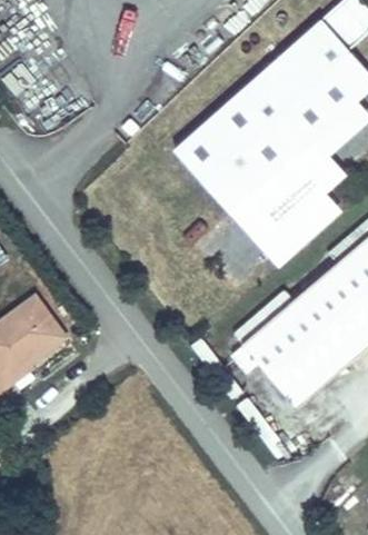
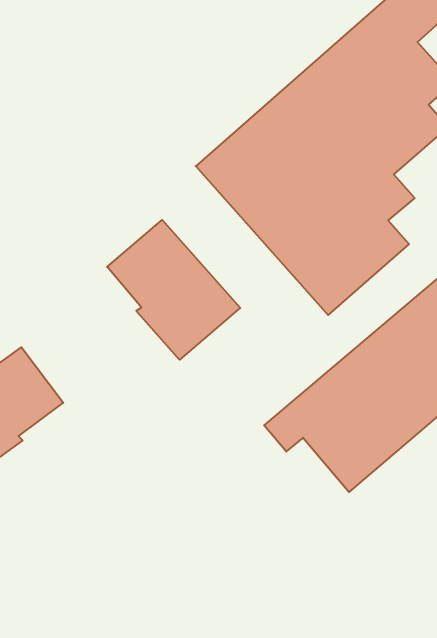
building: none -> [107,220,240,360]

